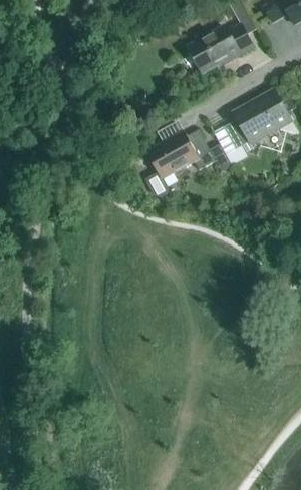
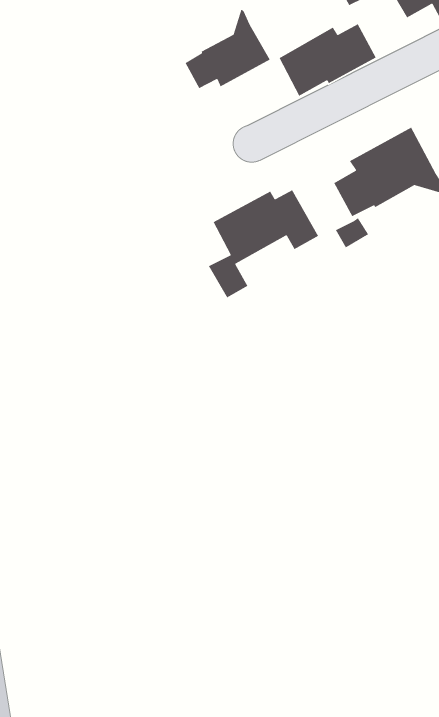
building: none -> [184,9,271,89]

